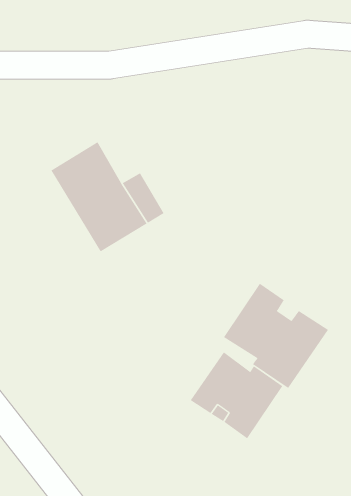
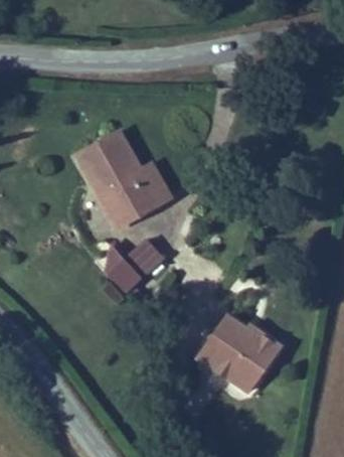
building: none -> [98,236,169,292]
building: [223,283,329,389] -> none

